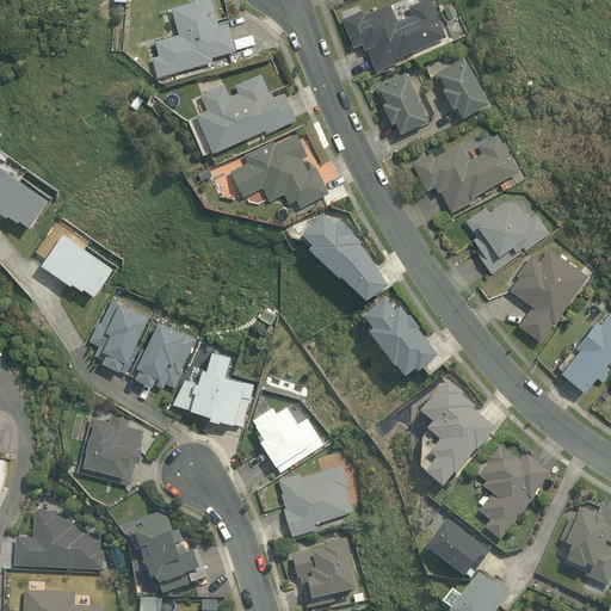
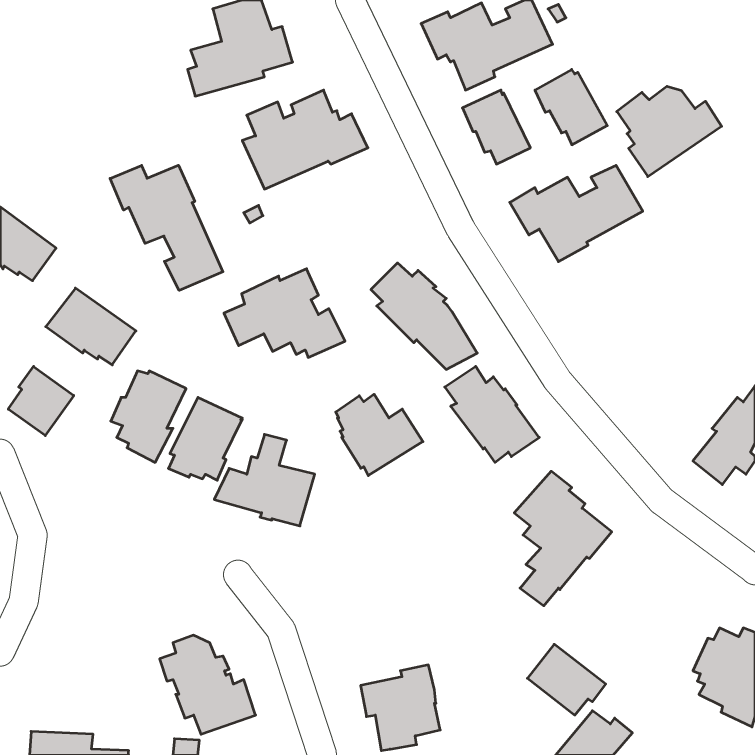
building: none -> [110,165,223,290]
building: [230,134,328,205] -> [224,269,345,357]
building: [465,199,550,272] -> [617,86,722,177]
building: [510,247,587,340] -> none
building: none -> [8,366,74,436]
building: [252,406,322,471] -> [336,394,423,476]
building: [76,414,143,485] -> none
building: [479,442,550,542] -> none
building: [277,464,352,536] -> none
building: [14,511,103,569] -> none

